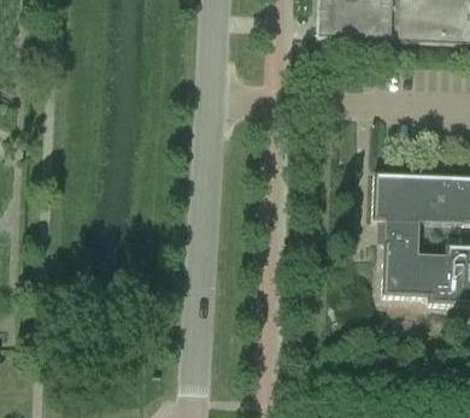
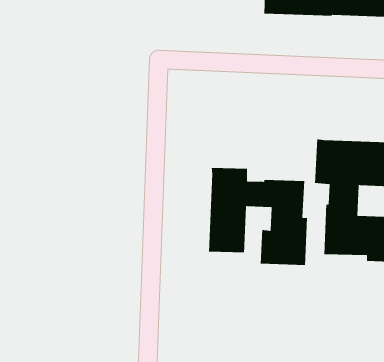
building: none -> [208,167,308,266]

